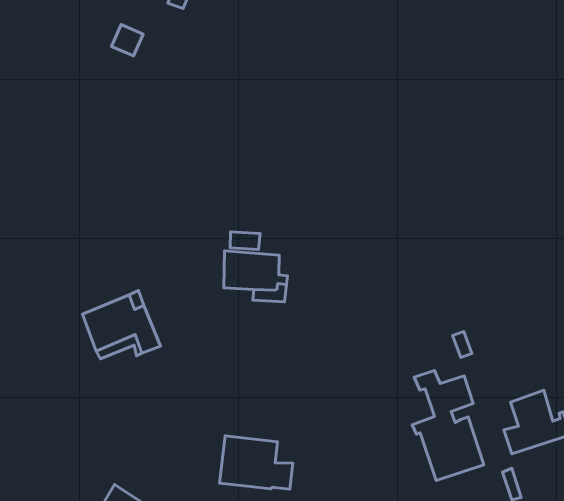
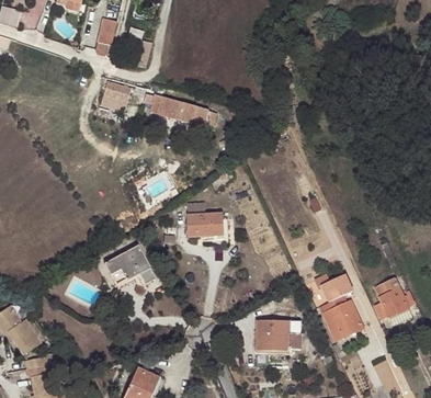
building: none -> [158,96,216,126]
building: [220,436,293,489] -> [257,320,300,350]

